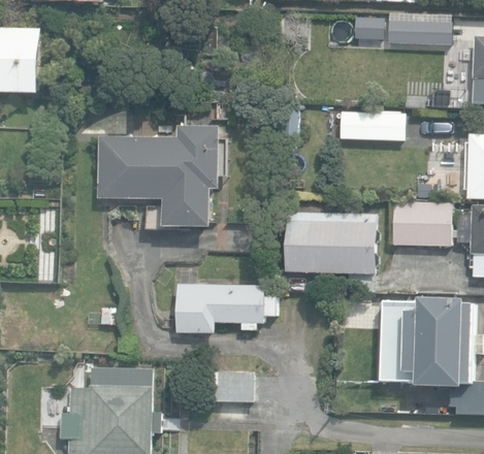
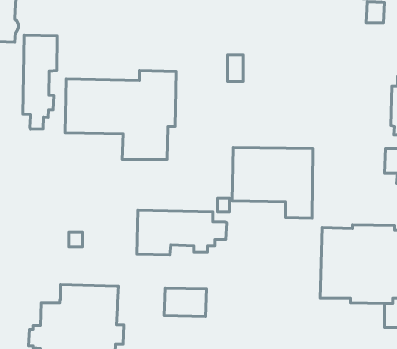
building: none -> [23,35,57,129]
building: [340,109,405,140] -> none
building: [393,201,450,245] -> none

